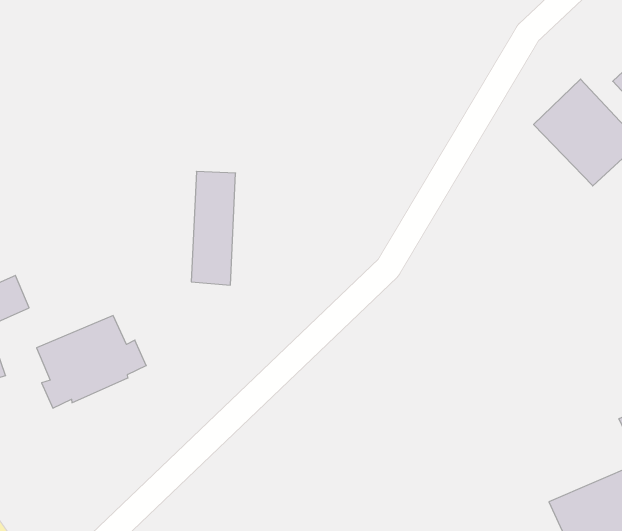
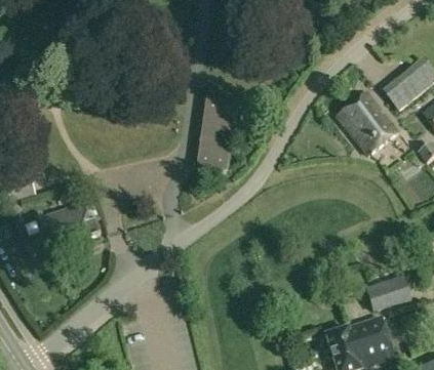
building: [191,171,236,285] -> [200,97,232,165]

